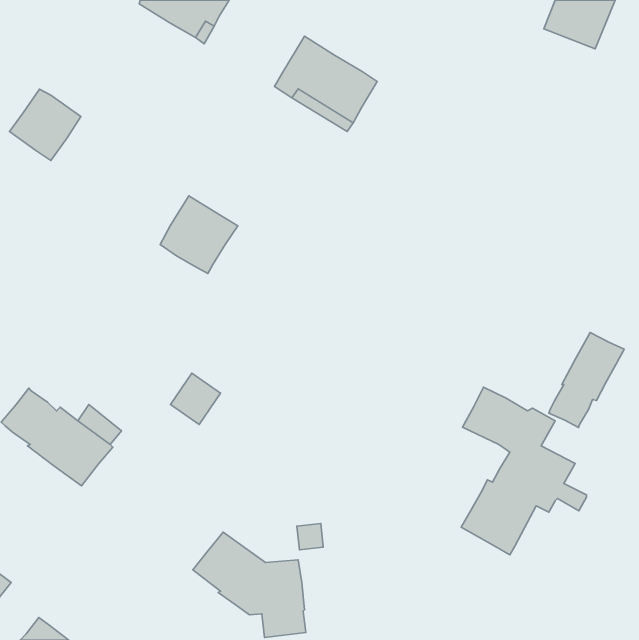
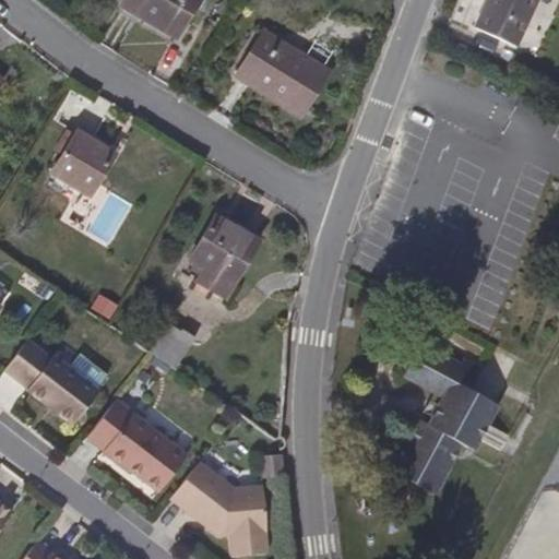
building: [9,89,81,160] -> [56,133,118,195]
building: [160,196,238,273] -> [192,221,260,288]
building: [549,332,624,428] -> none
building: none -> [85,397,183,491]

